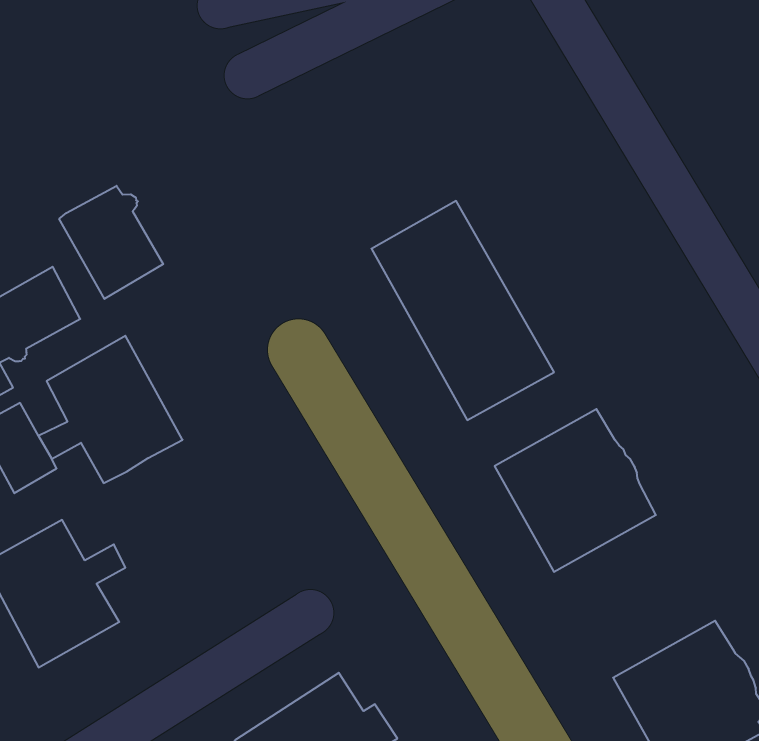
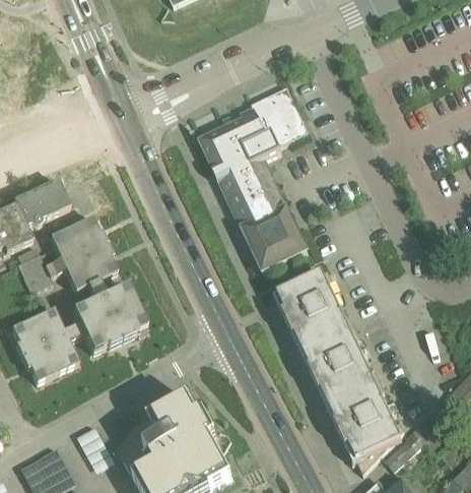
building: none -> [200,86,309,181]
building: [59,186,163,299] -> none
building: none -> [72,280,146,353]
building: none -> [300,326,381,408]

